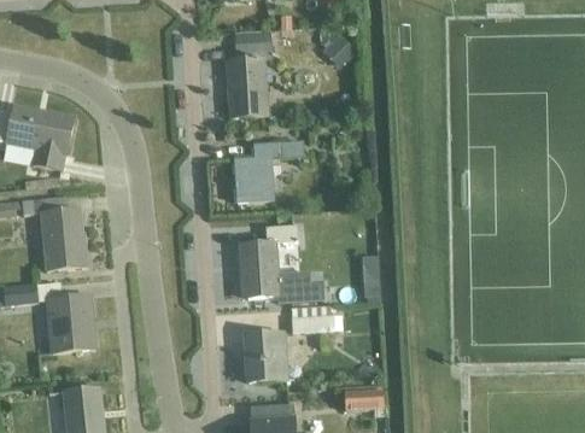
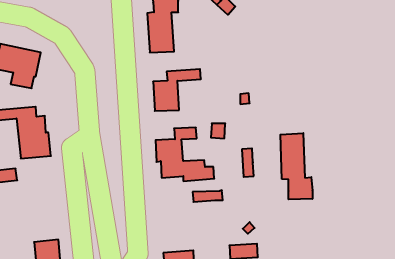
building: none -> [280,133,312,199]
building: [46,293,94,351] -> none
building: [244,332,286,381] -> none

